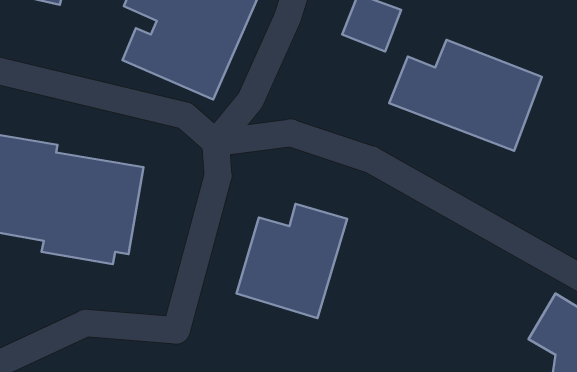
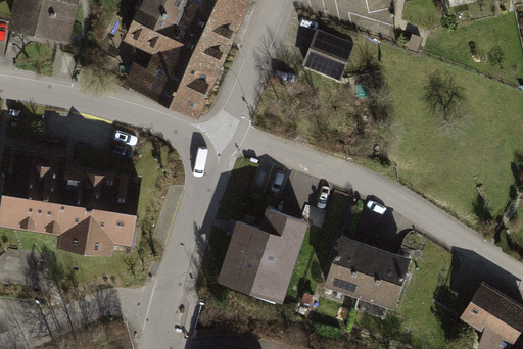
building: [389,40,542,151] -> none
building: none -> [324,235,410,309]

